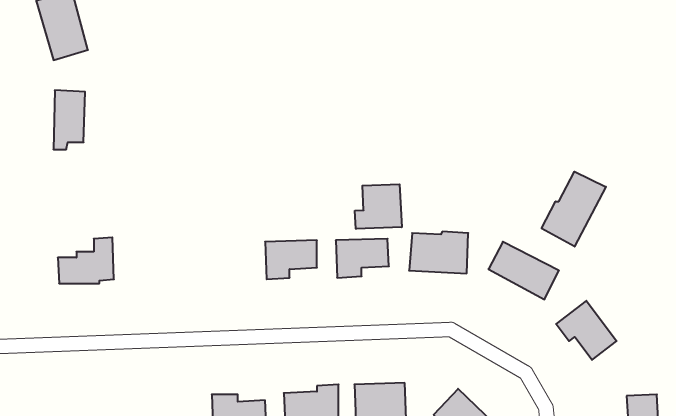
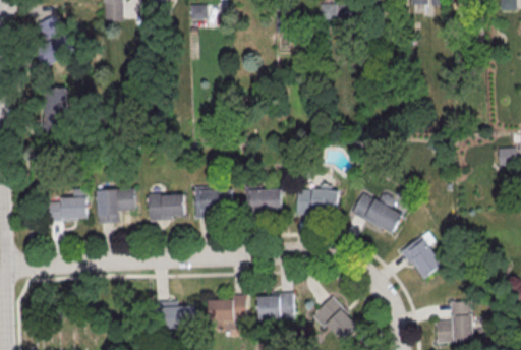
building: [542,172,606,247] -> none
building: [355,184,402,229] -> none
building: none -> [97,189,133,223]
building: none -> [147,195,184,223]

